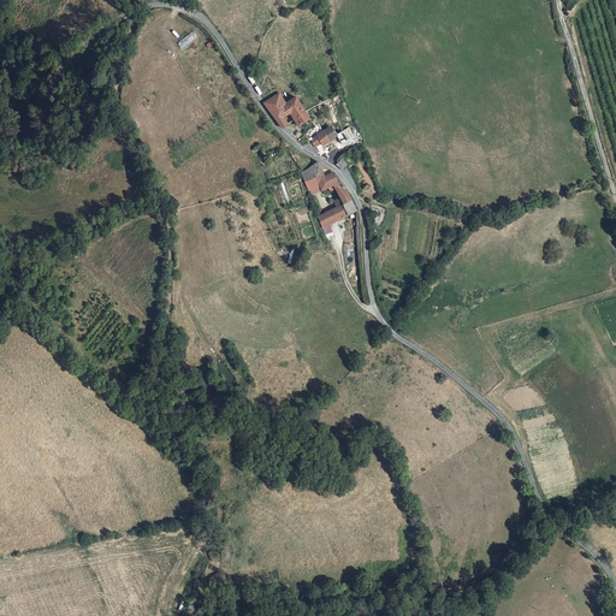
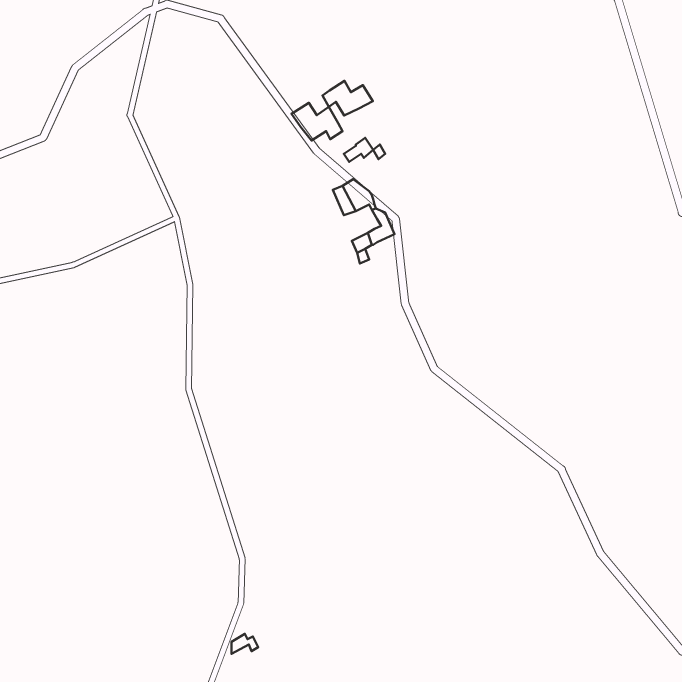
building: none -> [322,81,373,116]

